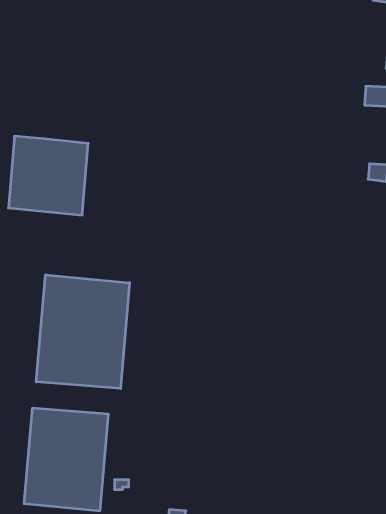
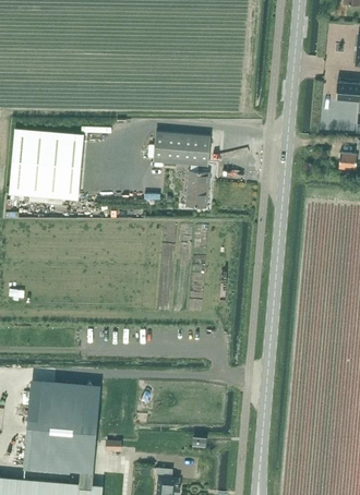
building: none -> [154,132,211,209]
building: [36,275,130,389] -> none

